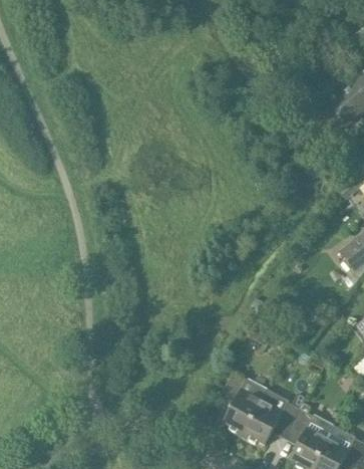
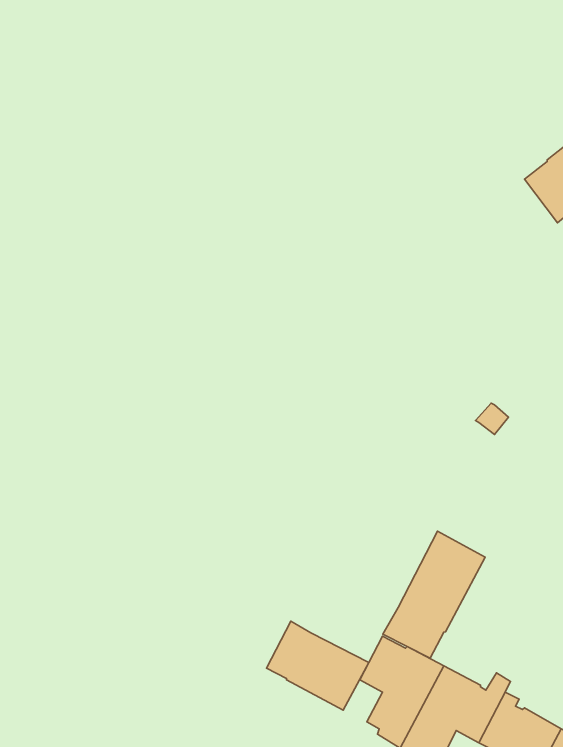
building: none -> [383,531,485,658]
building: none -> [267,621,369,710]

